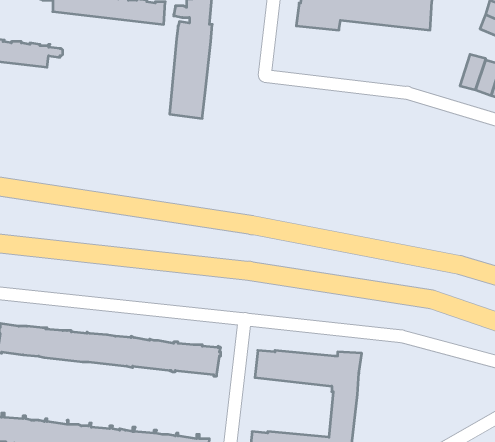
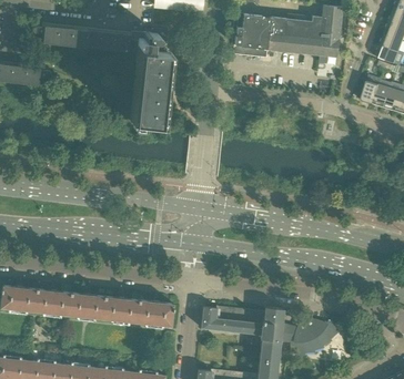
building: none -> [280,318,337,354]

